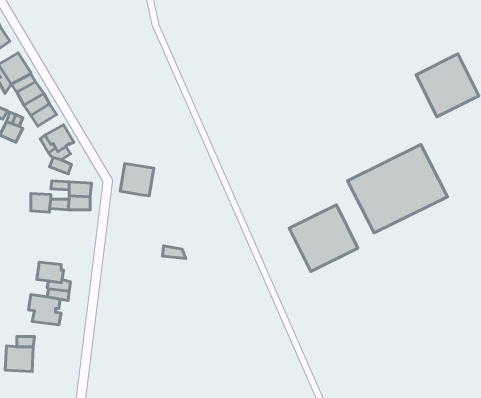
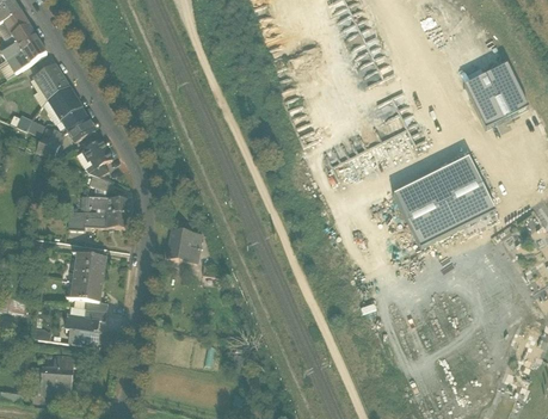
building: [120,163,154,196] -> [166,224,201,258]
building: [289,205,358,271] -> none
building: none -> [74,248,105,279]

